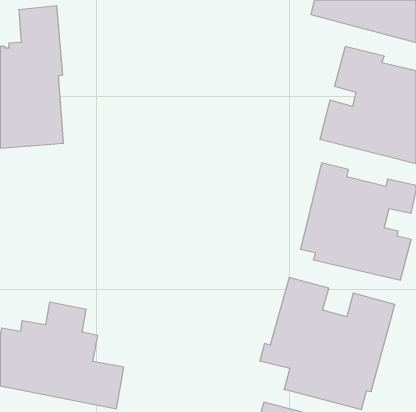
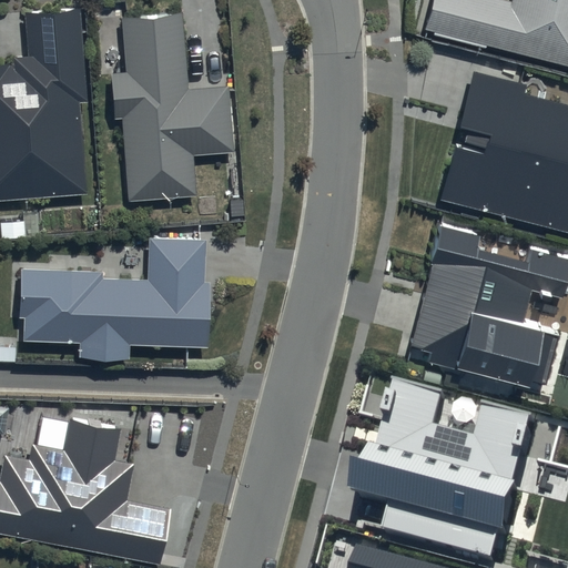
building: none -> [110,17,233,206]
building: none -> [17,236,207,355]

